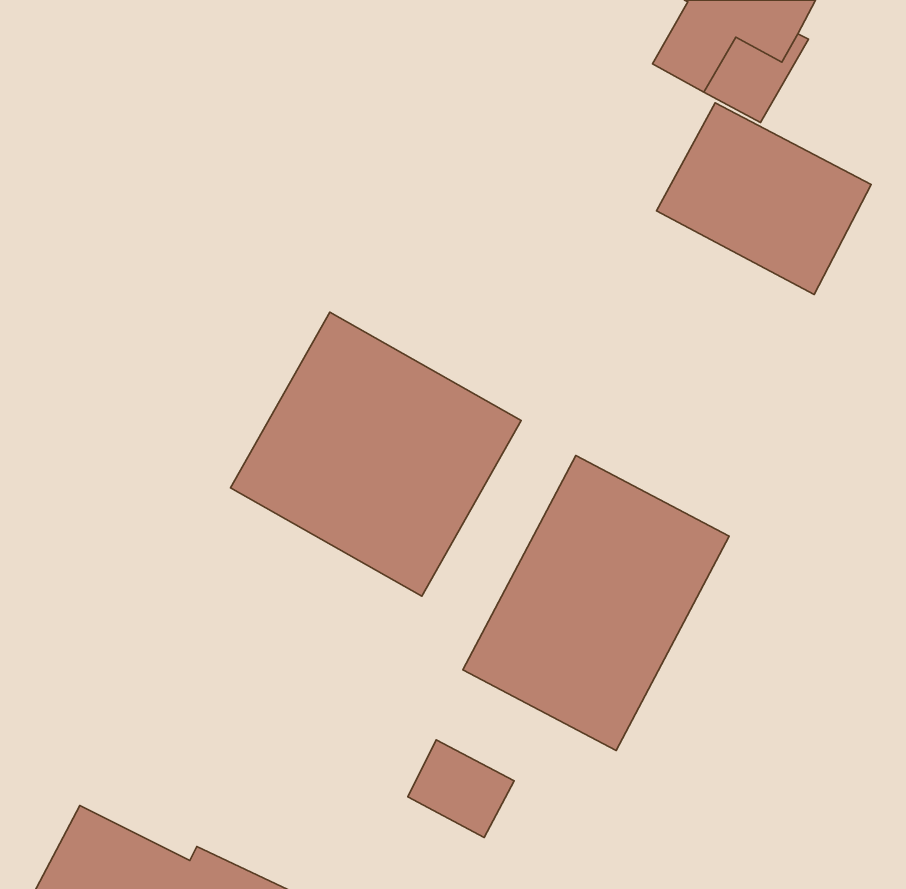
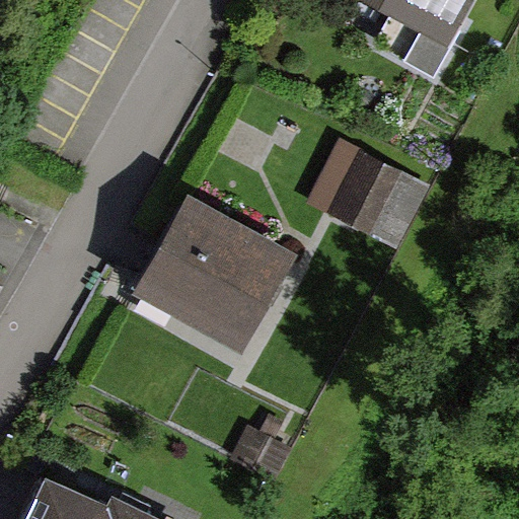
building: [657,103,871,294] -> [306,144,429,253]
building: [463,455,729,751] -> none

